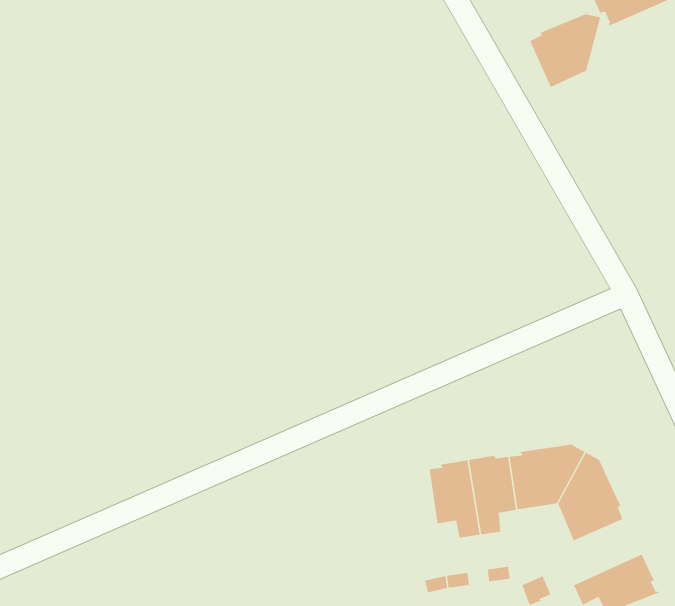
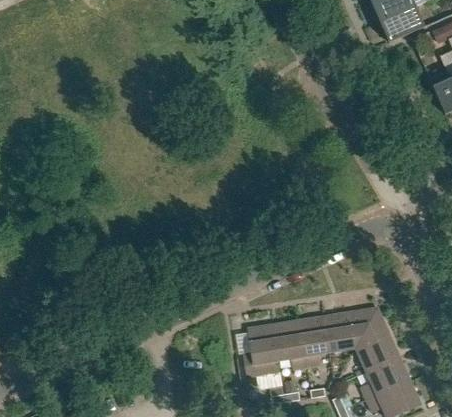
building: [529,13,601,88] -> none
building: none -> [243,323,280,375]
building: none -> [361,356,410,398]

